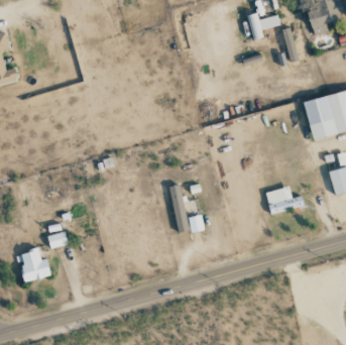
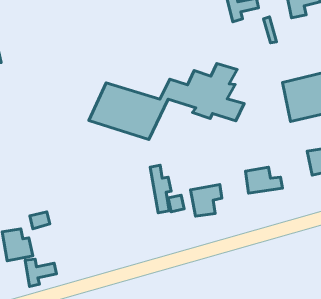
building: none -> [89,64,244,140]
building: none -> [191,185,222,216]
building: none -> [25,259,56,287]

